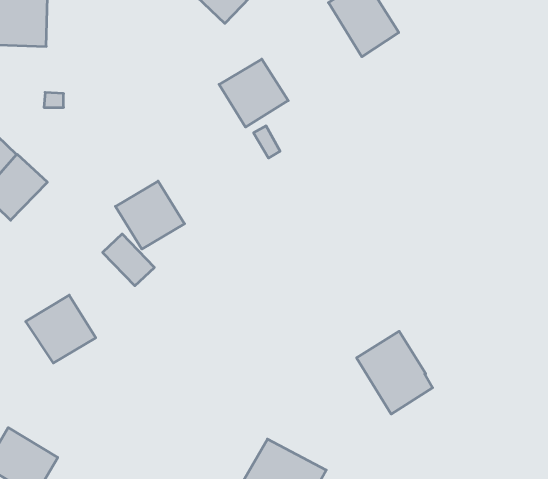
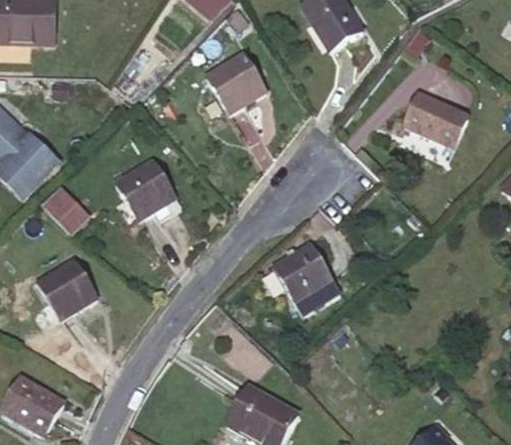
building: none -> [404,93,469,147]
building: [103,234,154,286] -> [43,188,89,234]
building: [357,331,433,414] -> [273,244,340,316]

